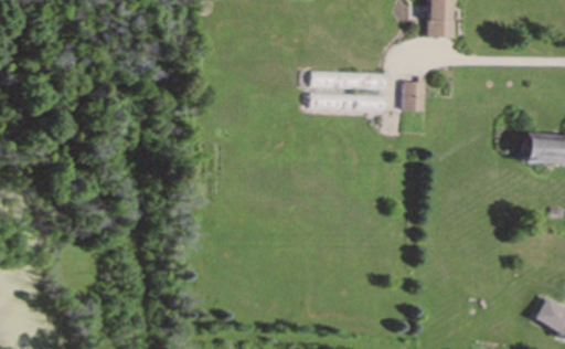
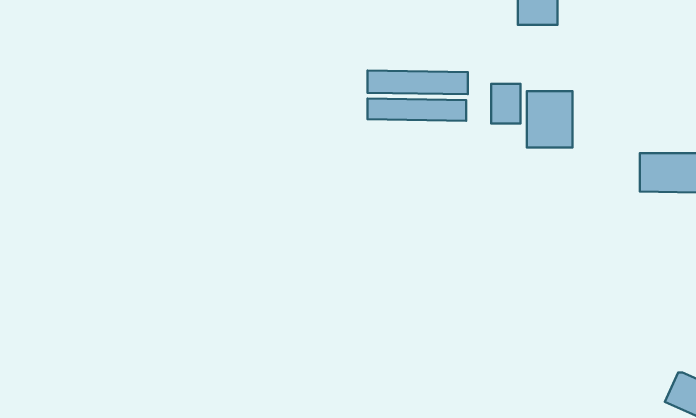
building: none -> [527,91,573,147]

